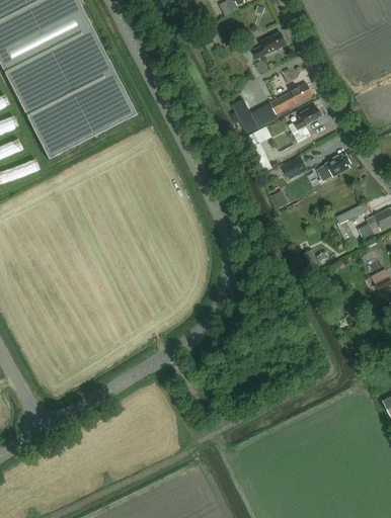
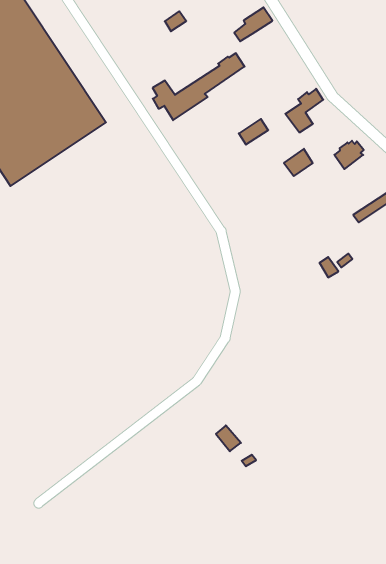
building: [232,83,313,134] -> [153,53,245,120]

